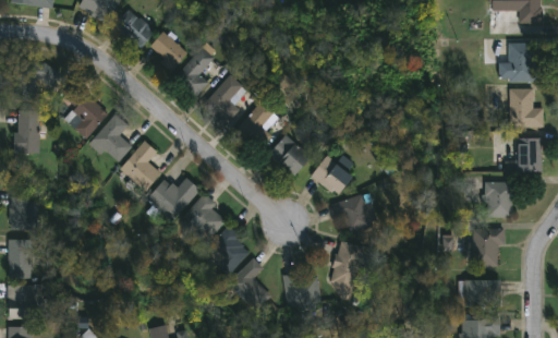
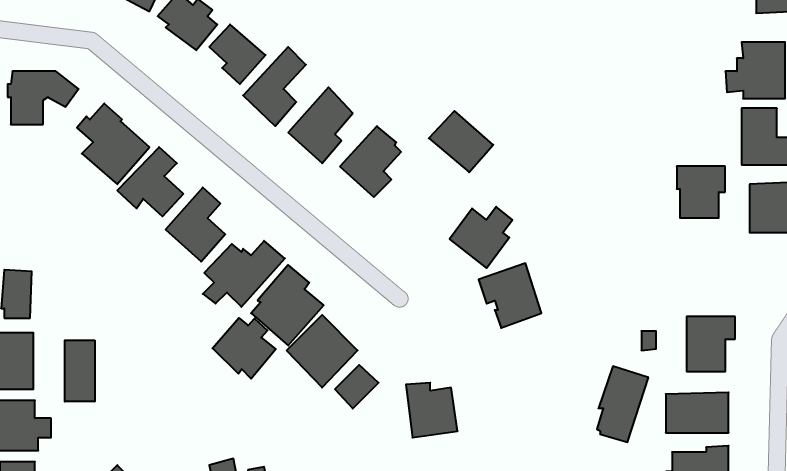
building: [13,110,39,154] -> none
building: [268,135,312,177] -> [429,111,493,172]
building: [485,182,518,217] -> [677,166,725,218]
building: none -> [212,318,276,379]
building: [330,240,365,291] -> [597,366,648,442]
building: none -> [65,340,95,402]

